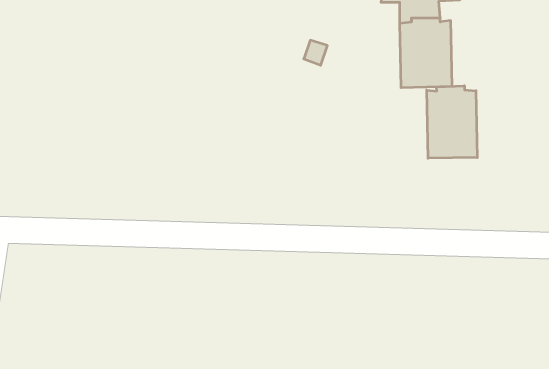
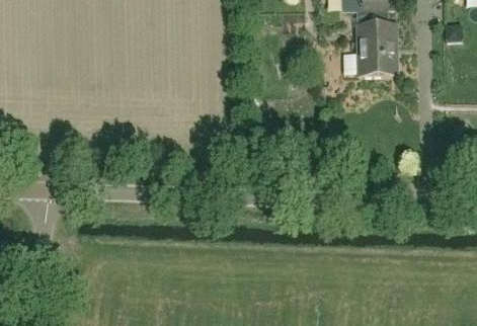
building: [427,86,477,158] -> none

